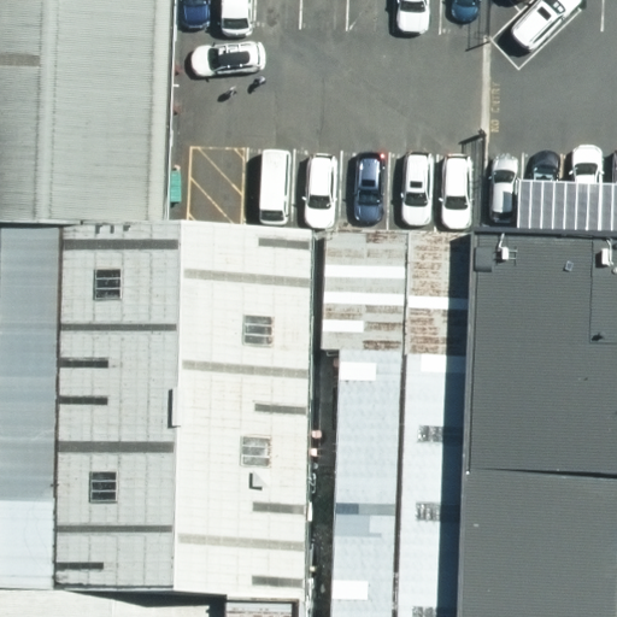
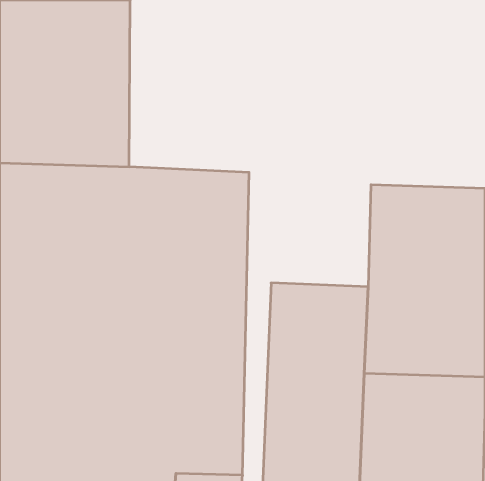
building: [322,236,470,370] -> none

